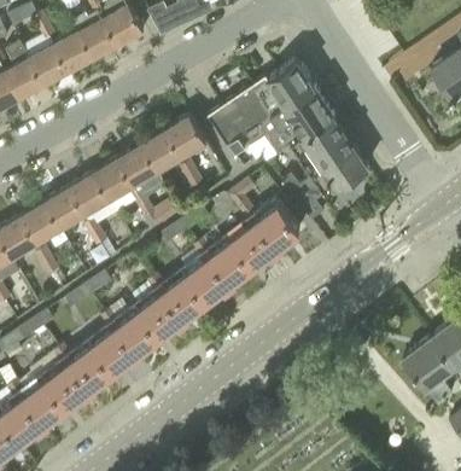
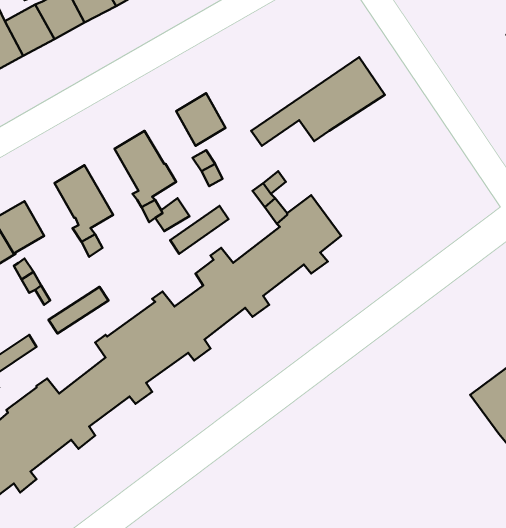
building: [206,62,313,146] -> none
building: [281,117,367,222] -> none
building: [140,130,181,173] -> none
building: [92,161,135,214] -> none
building: [43,188,83,231] -> none

